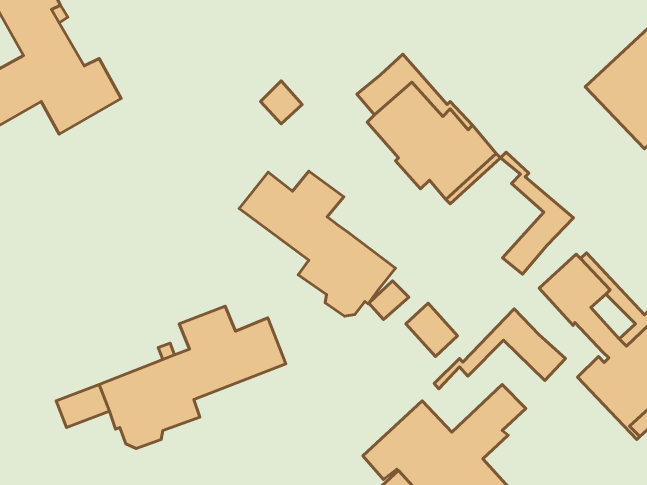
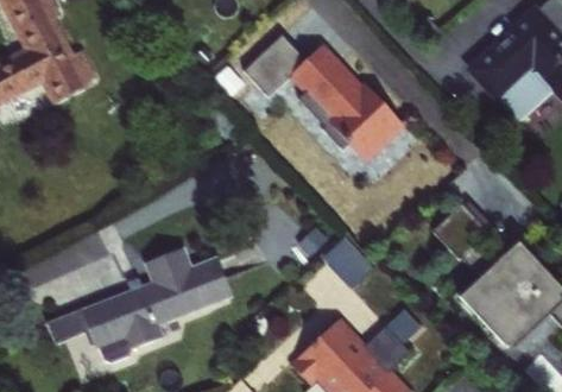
building: none -> [242,32,308,95]
building: [501,152,573,274] -> none
building: [239,171,395,316] -> none
building: [434,309,565,389] -> none

